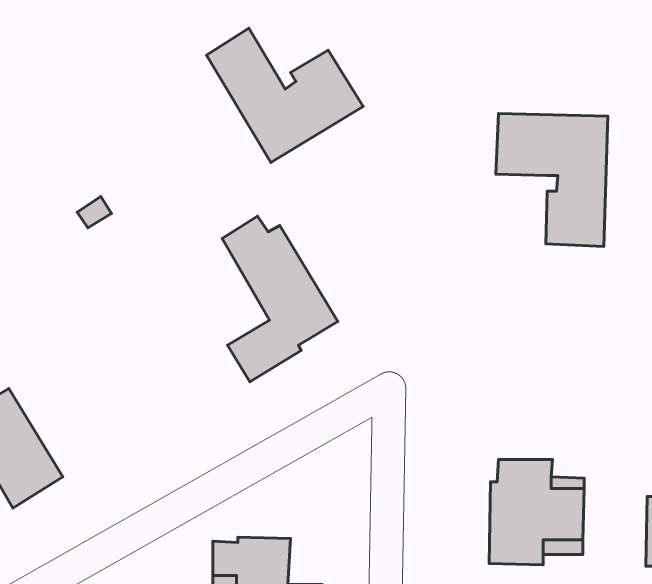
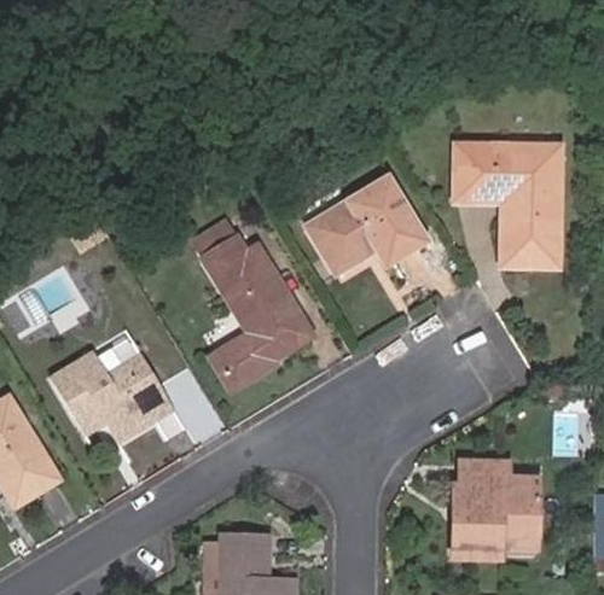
building: [206,28,363,162] -> none
building: none -> [308,176,426,272]
building: none -> [52,354,173,442]

